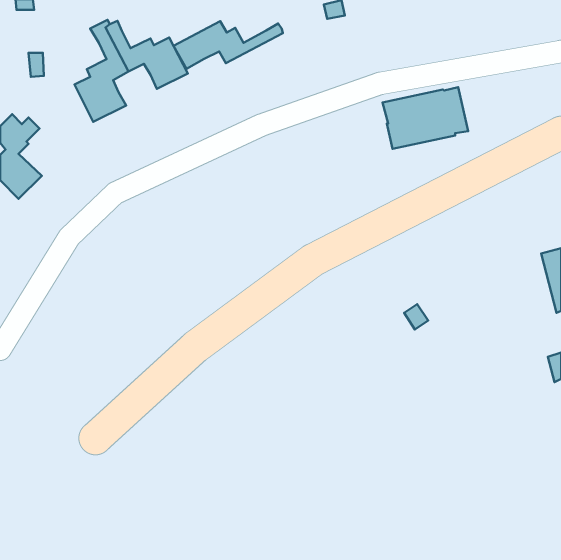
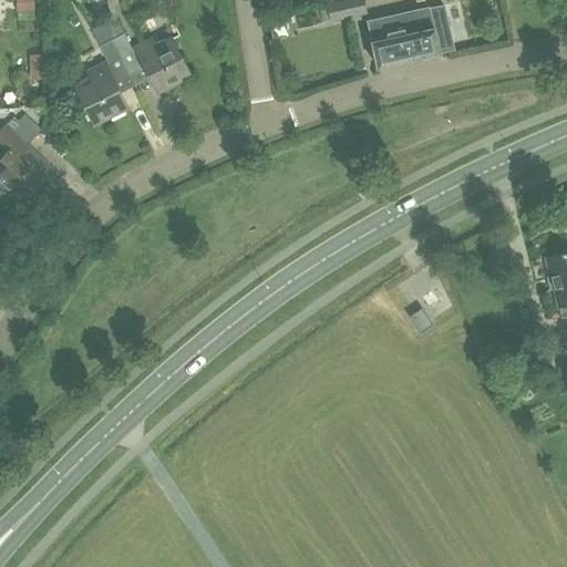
building: [173,21,283,69] -> none
building: [383,87,468,149] -> [367,4,453,66]

